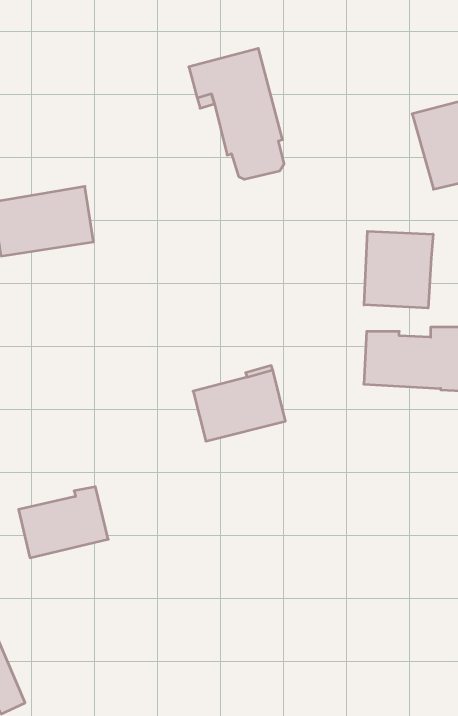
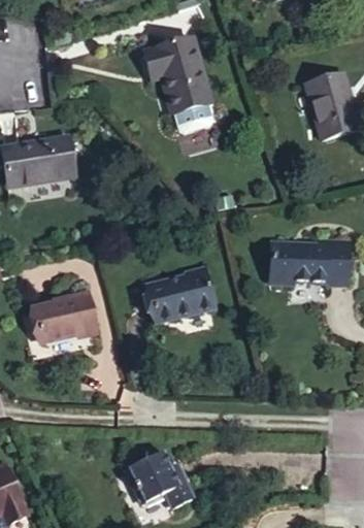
building: [364,231,433,308] -> none
building: [19,487,108,558] -> [31,290,96,341]
building: none -> [126,451,193,507]

